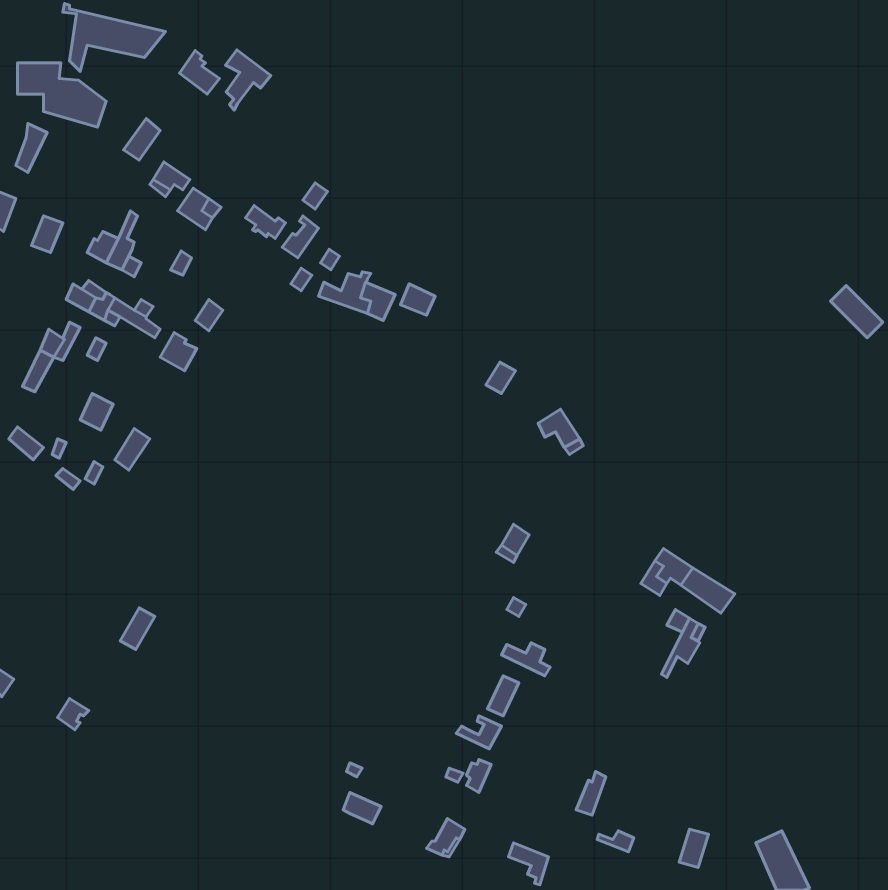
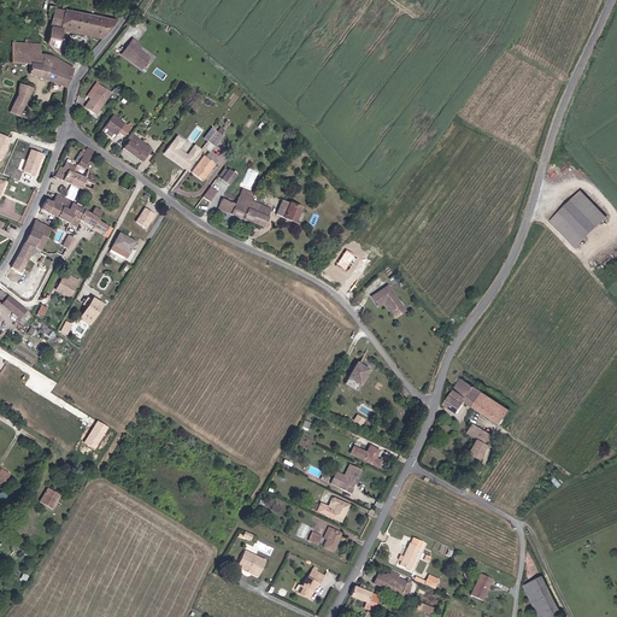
building: [225,50,271,110] -> none
building: none -> [556,208,600,253]
building: none -> [374,569,412,595]

